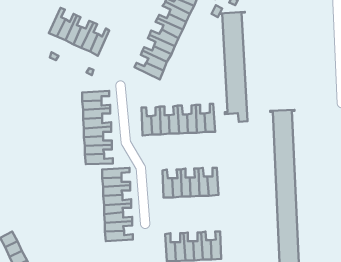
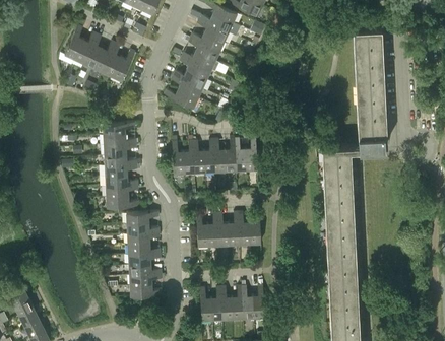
building: [220,12,248,122] -> [352,26,384,154]

